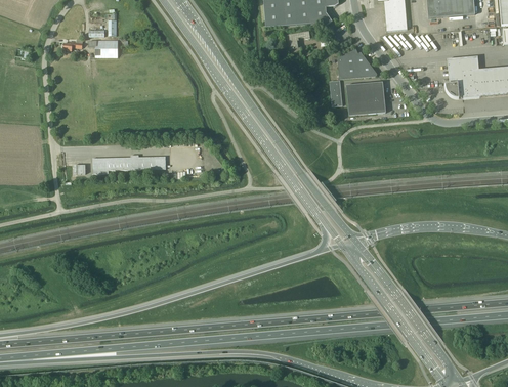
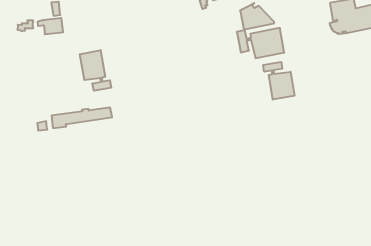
building: none -> [80,50,111,91]
building: none -> [263,62,294,100]

